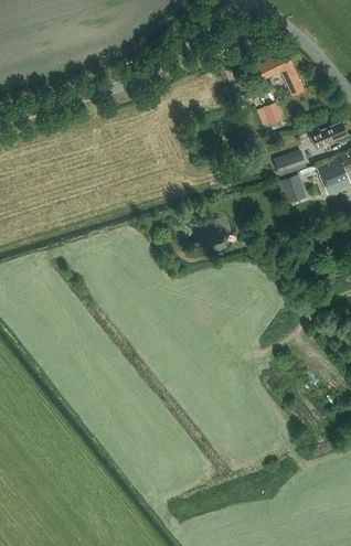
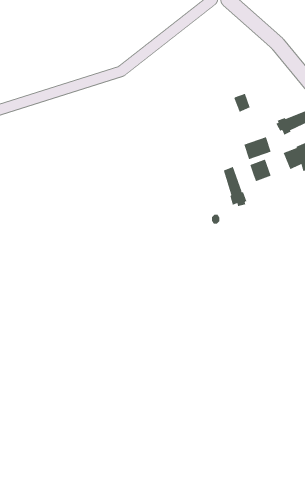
building: [254,53,299,86] -> none
building: none -> [223,166,247,207]

